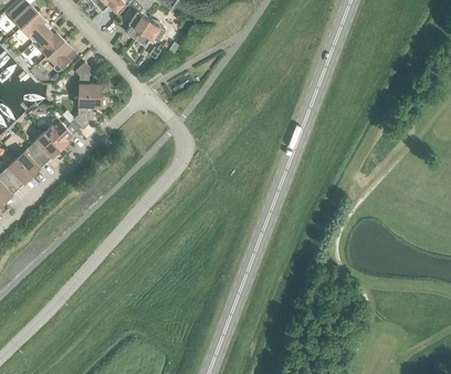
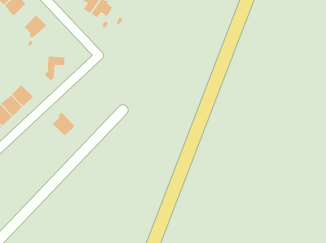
building: [33,25,63,56] -> none
building: [74,62,102,96] -> none
building: [43,118,74,149] -> [52,113,75,136]

